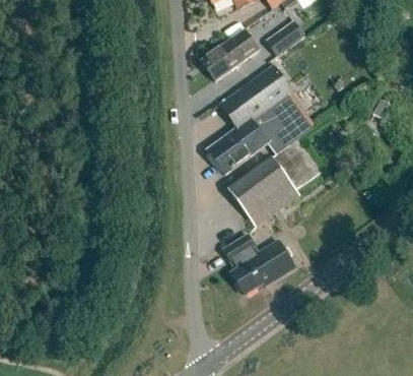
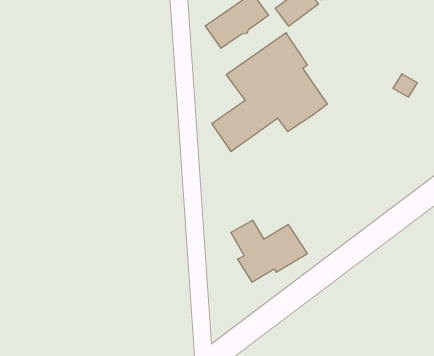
building: [227,139,322,227] -> none

